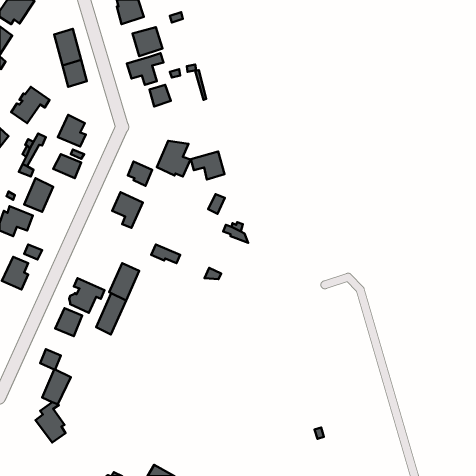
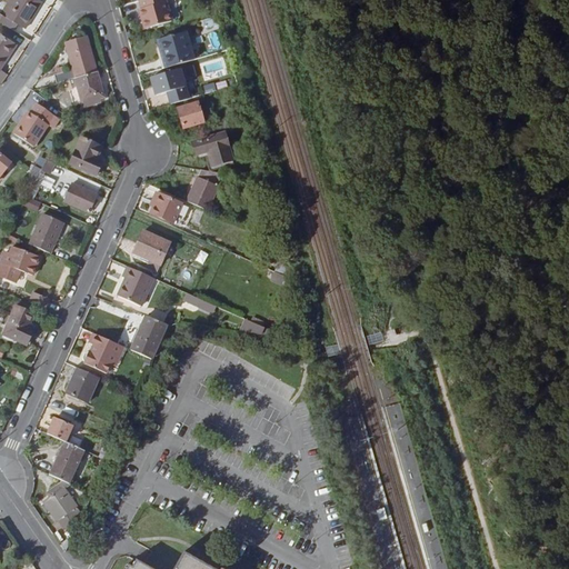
building: [191,152,225,180] -> [192,131,232,164]
building: none -> [118,264,153,305]
building: [96,293,126,335] -> none

